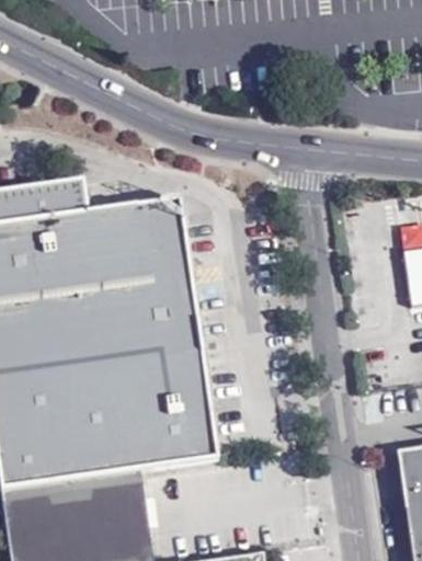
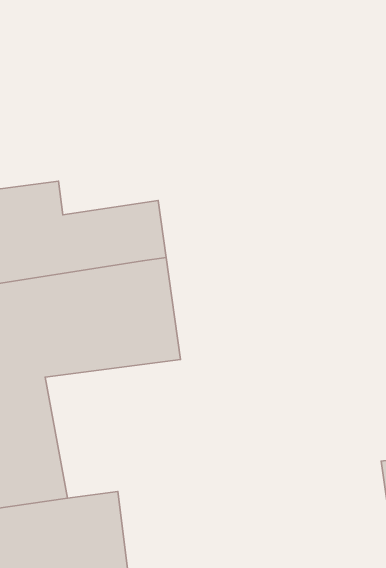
building: [68,352,215,488] -> none

